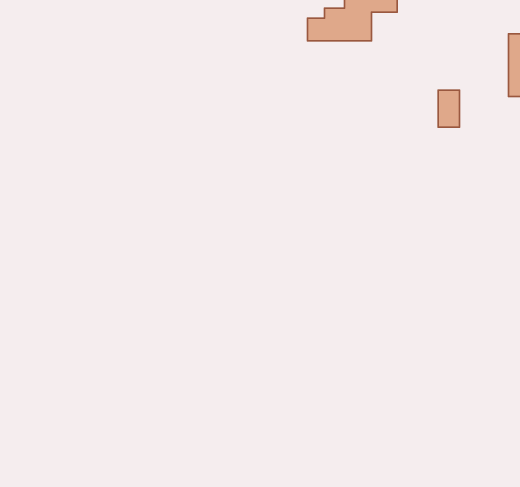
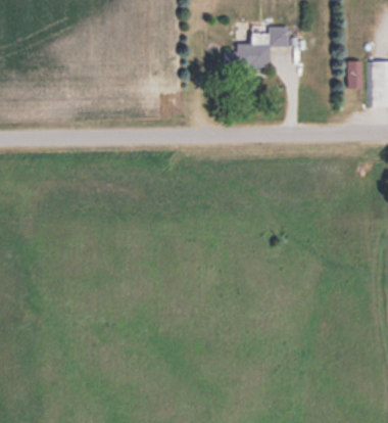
building: [438,90,459,127] -> [347,60,362,87]

